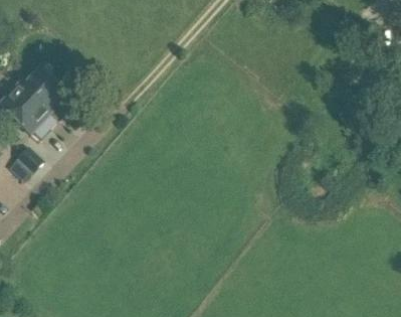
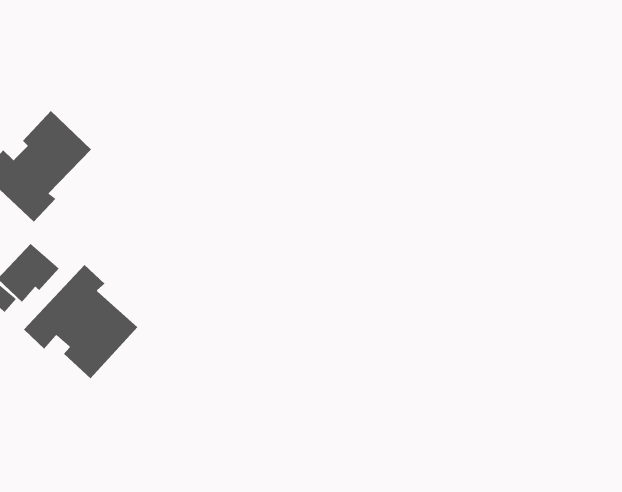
building: none -> [23,264,138,379]

